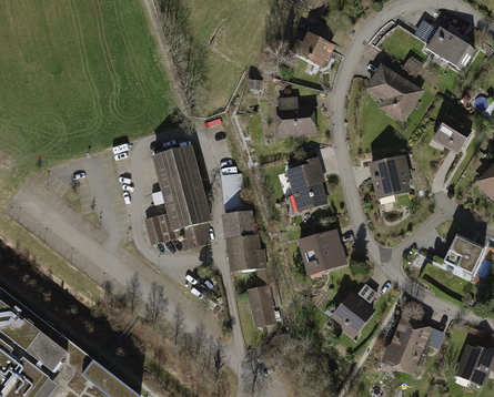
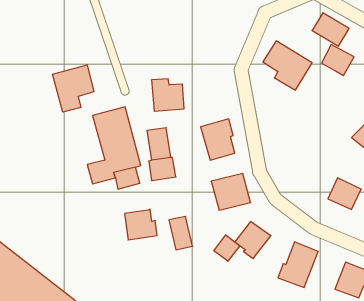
building: [290,31,336,65] -> none
building: none -> [52,65,94,112]
building: [276,95,317,136] -> [152,79,184,111]
building: [433,115,474,154] -> [322,45,354,75]
building: [369,154,414,199] -> none
building: [224,232,265,271] -> [125,209,157,240]
building: none -> [214,235,240,261]

